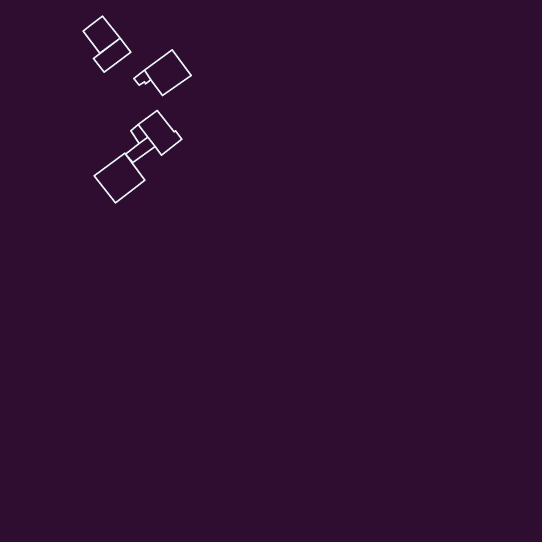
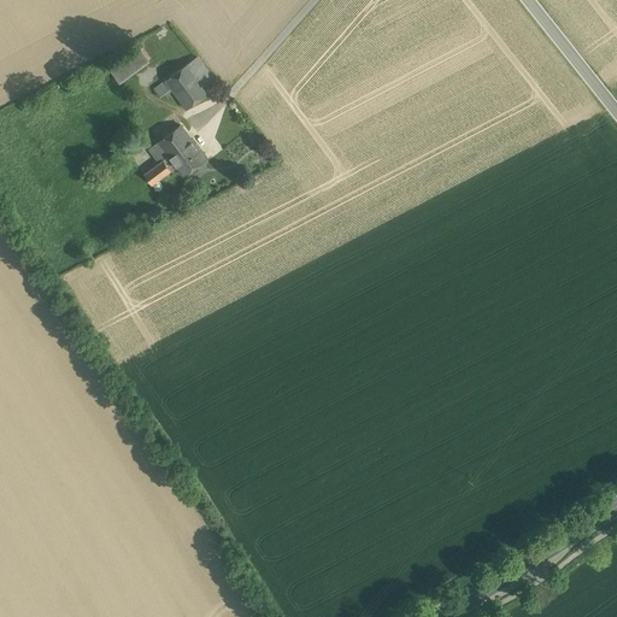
building: [83,16,120,53] -> none
building: [94,153,145,203] -> none

